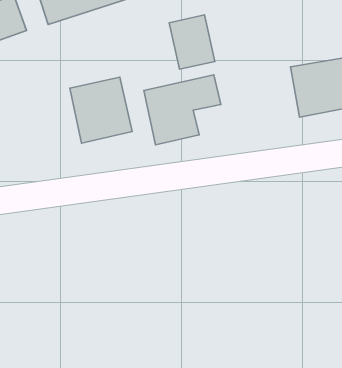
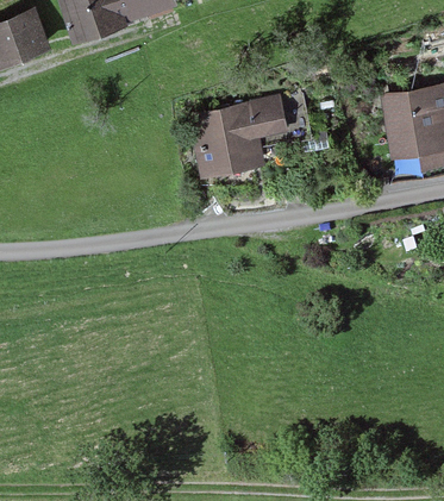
building: [169,15,215,69] -> none
building: [70,77,132,143] -> none

